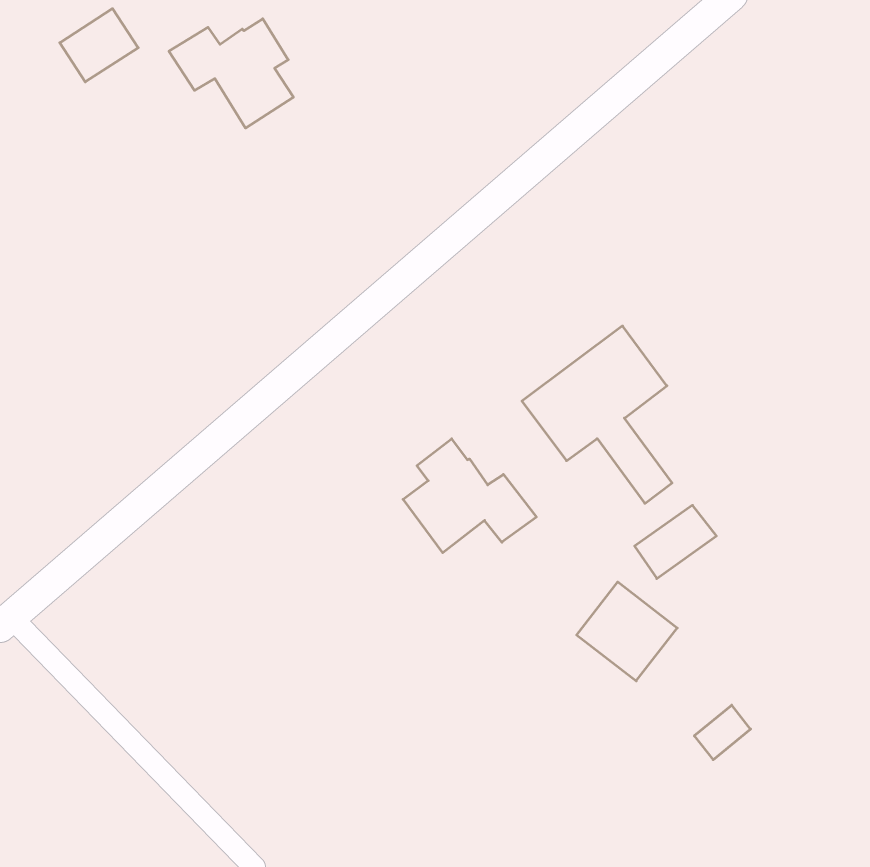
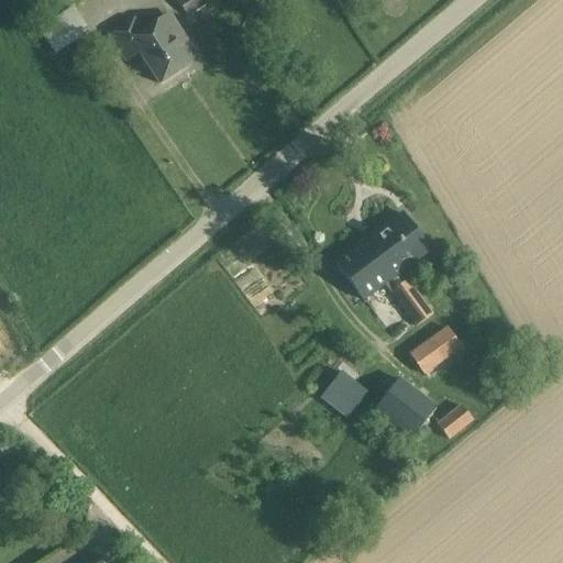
building: [403,439,536,553] -> none
building: none -> [321,369,367,416]
building: [694,705,751,760] -> [438,402,474,438]

